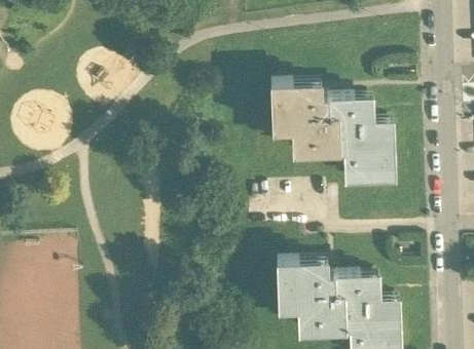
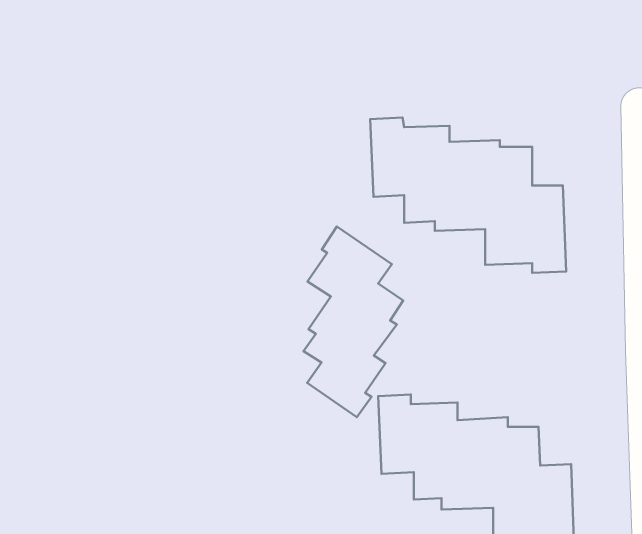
building: none -> [303,227,403,417]

